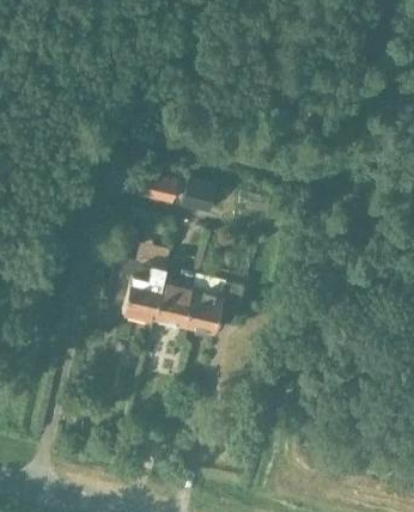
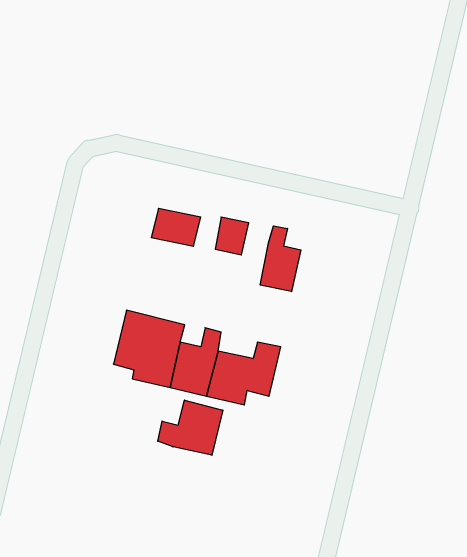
building: none -> [260,226,301,292]
building: none -> [158,400,223,455]

